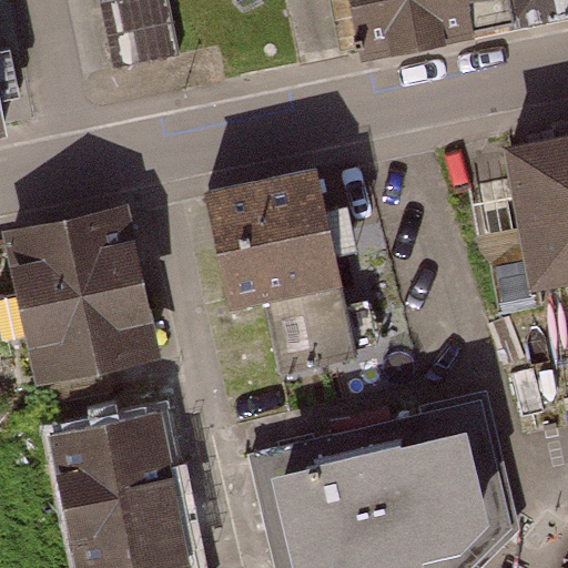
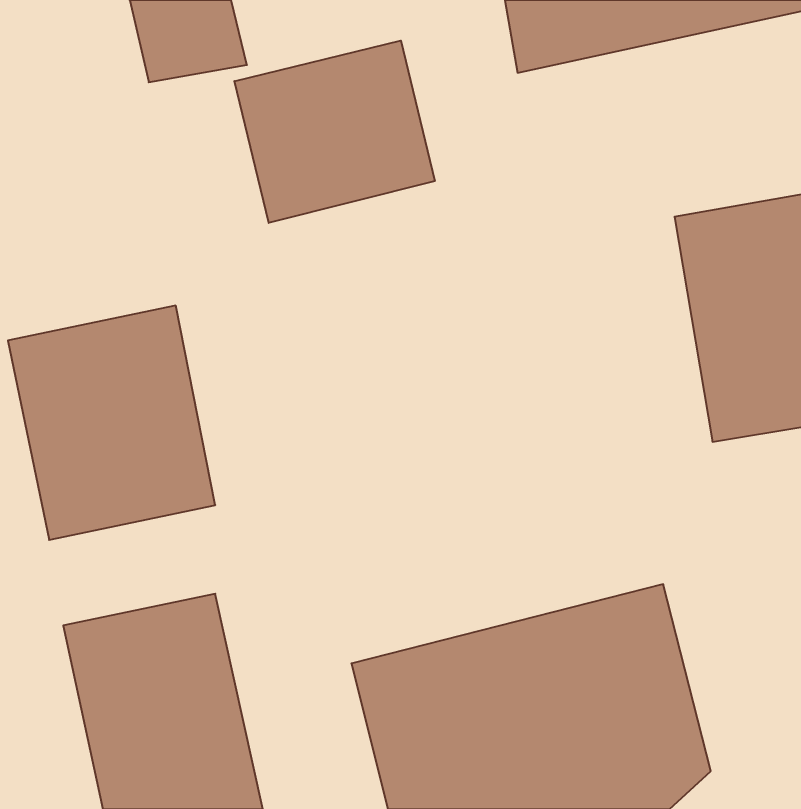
building: none -> [234,41,435,223]
building: [201,171,365,367] -> none

